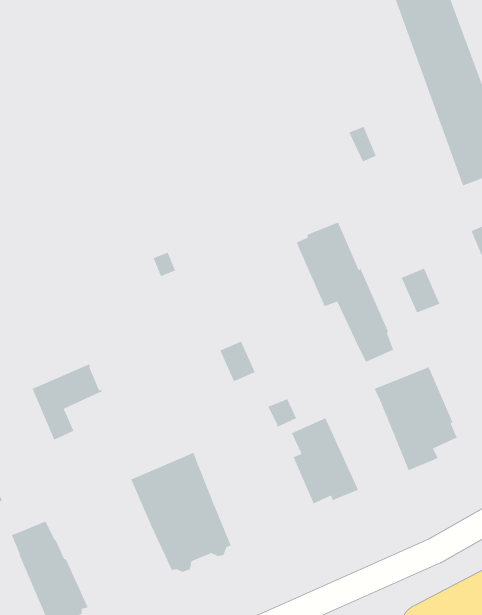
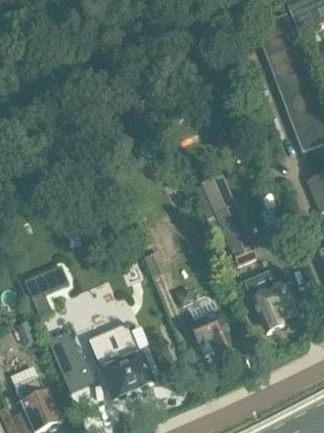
building: none -> [48,333,94,391]

